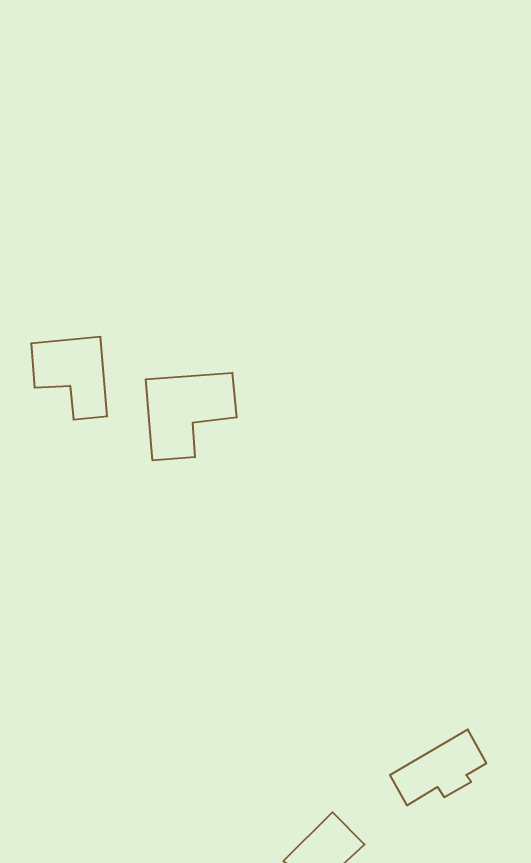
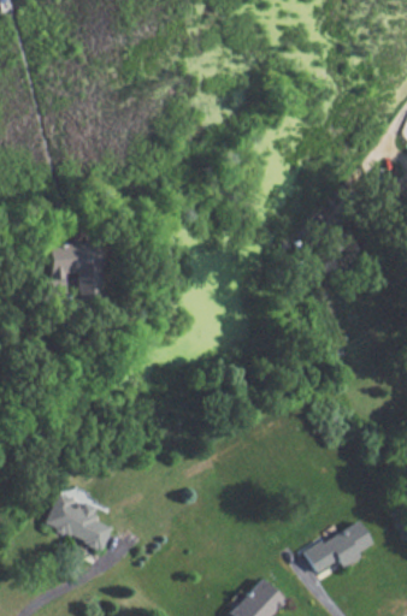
building: [146,373,236,460] -> none
building: none -> [43,491,111,549]

